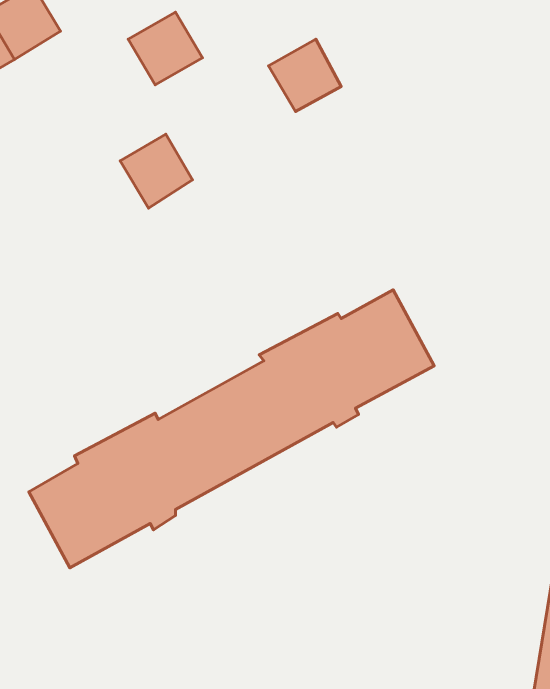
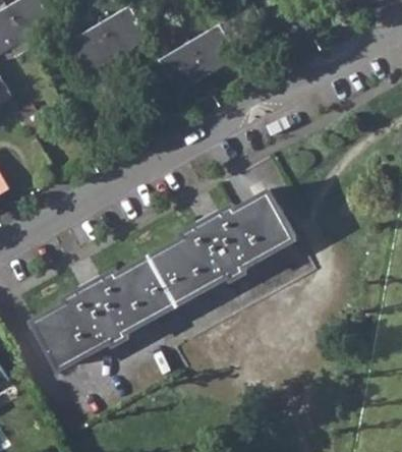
building: none -> [160,45,207,91]
building: [120,134,193,208] -> [69,27,116,75]

